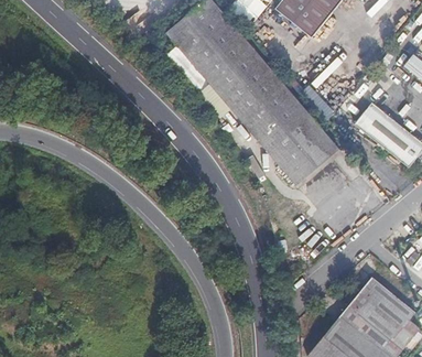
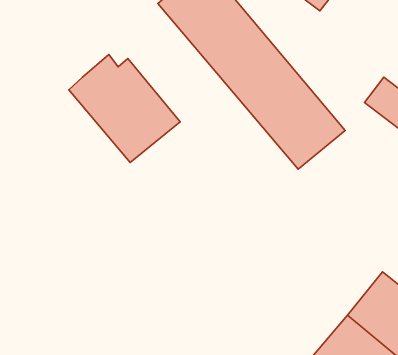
building: none -> [69,55,180,163]

